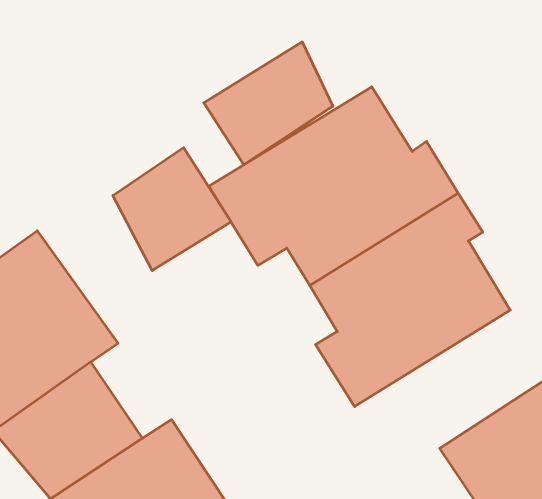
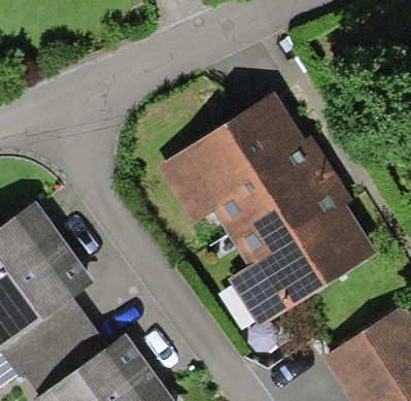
building: [204,42,333,165] -> none
building: [113,148,231,271] -> none

